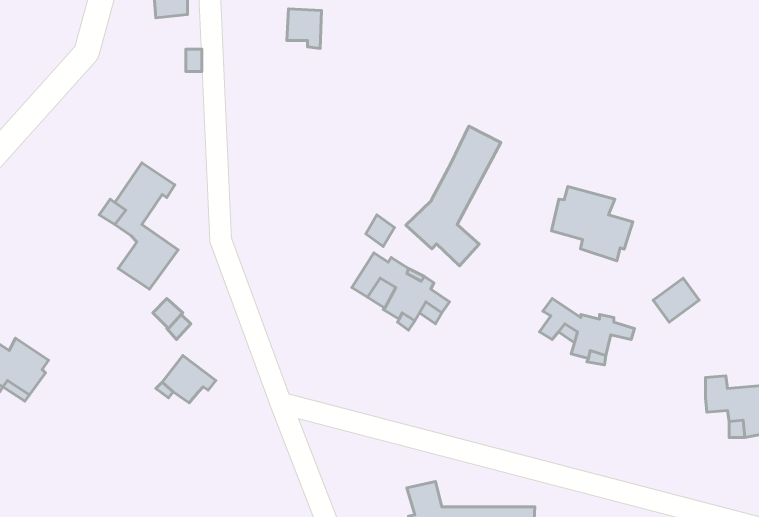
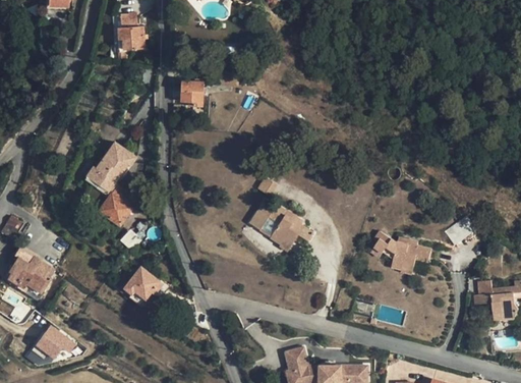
building: [287,9,322,48] -> [180,80,202,106]
building: [406,126,501,266] -> none
building: [551,187,633,261] -> none
building: none -> [31,326,74,359]

